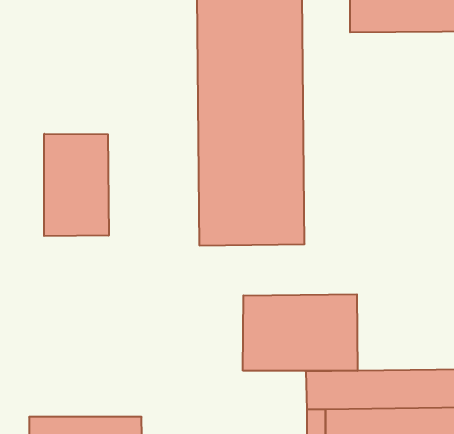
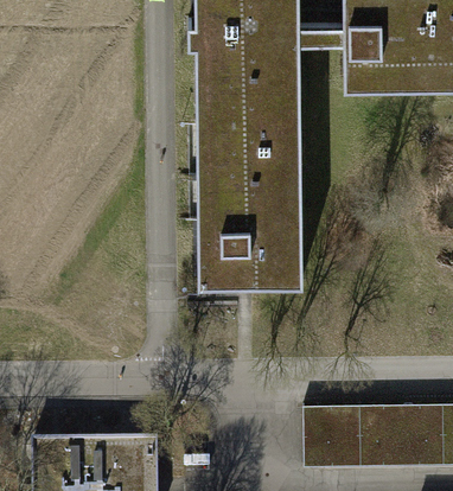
building: [44,134,109,236] -> none
building: [243,294,358,371] -> none

